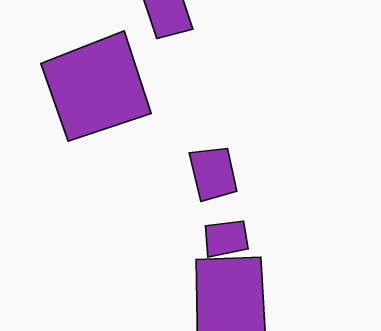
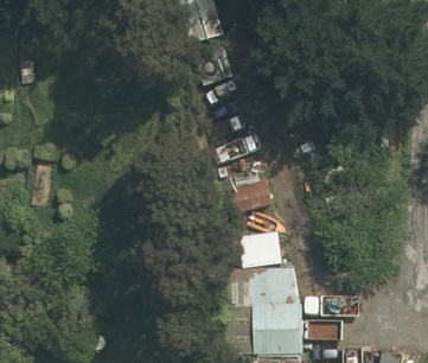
building: [41,31,151,141] -> none

